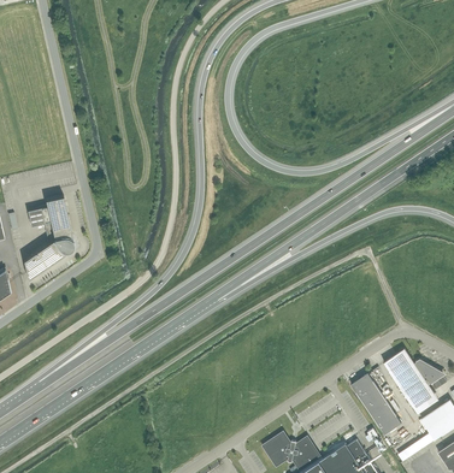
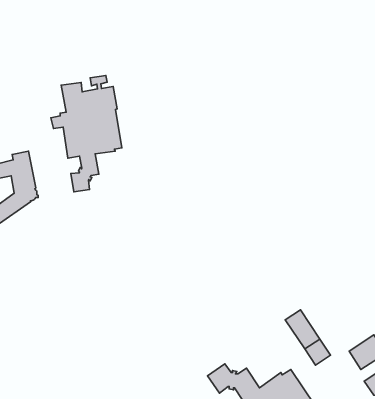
building: none -> [51,76,122,192]
building: [384,349,444,413] -> none

